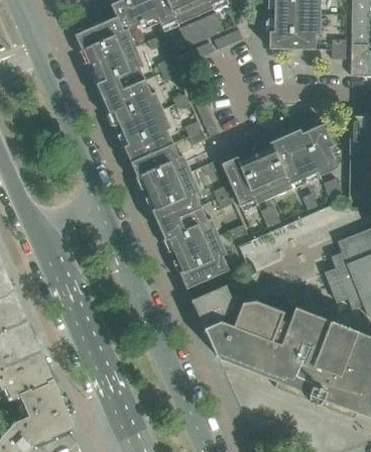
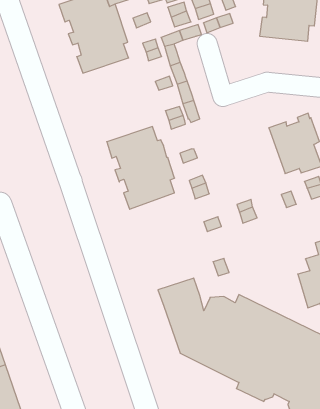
building: [103,80,173,161] -> none
building: [221,135,303,206] -> none
building: [158,205,229,288] -> none

